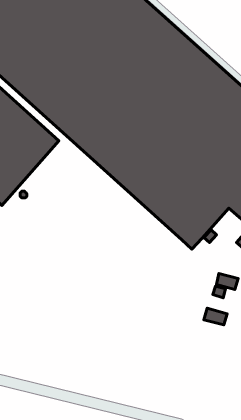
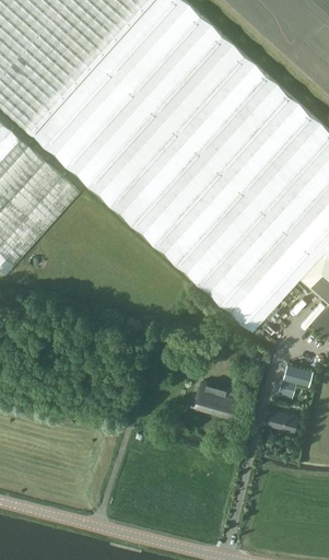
building: none -> [193,382,234,415]

